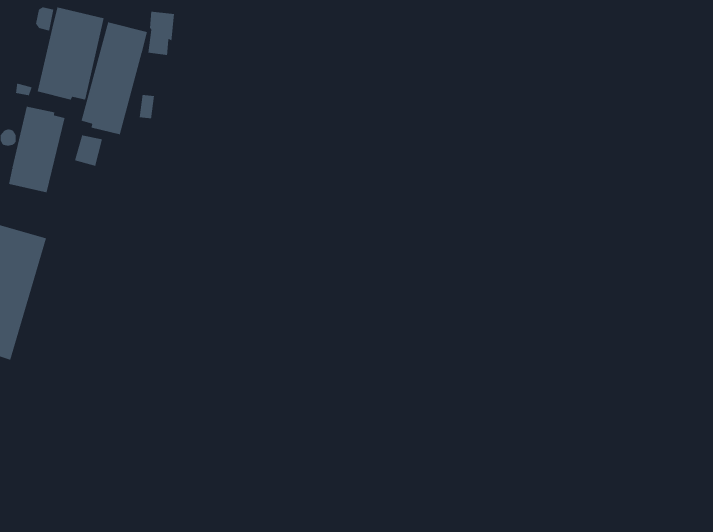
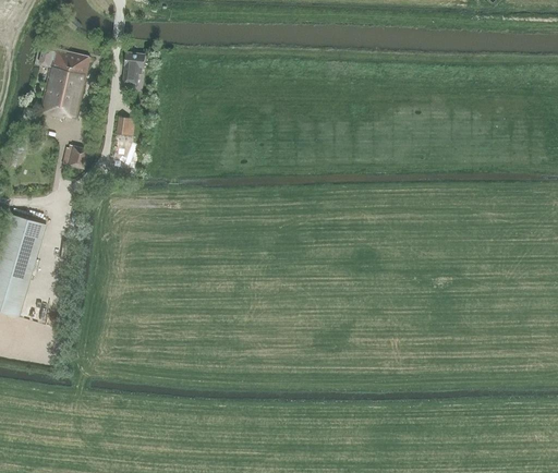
building: [81,21,148,135] -> none
building: [8,106,65,193] -> none

